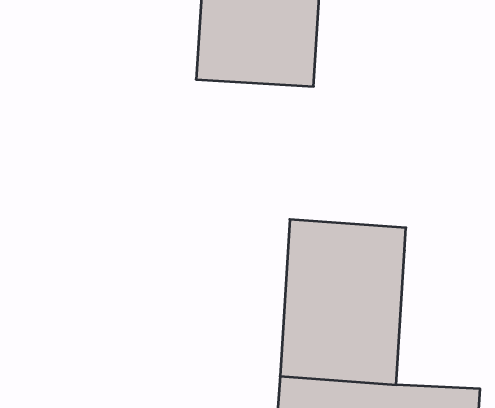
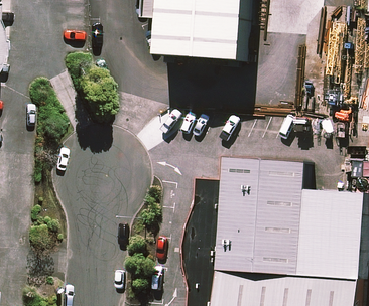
building: none -> [296,180,363,280]

